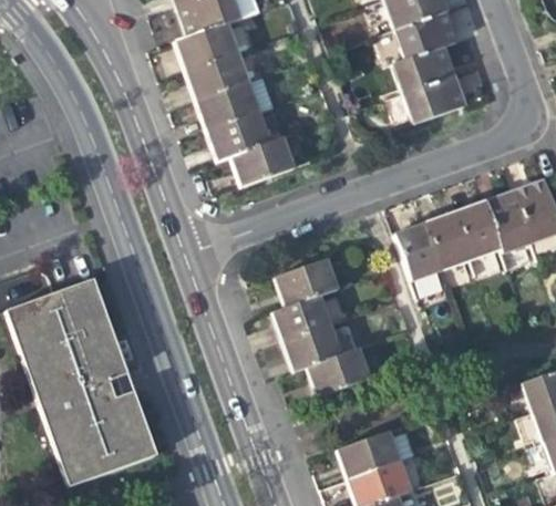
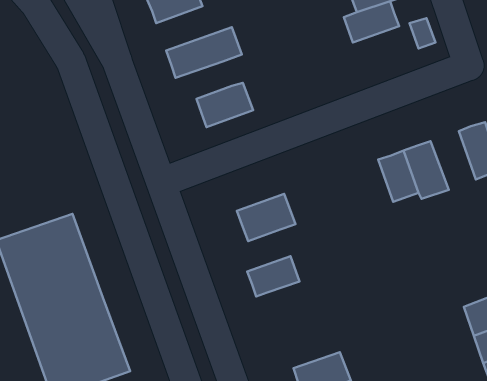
building: [186,51,269,101] -> none
building: [402,74,464,123] -> none
building: [207,113,269,158] -> none
building: [487,189,537,254] -> none
building: [398,220,446,295] -> none
building: [276,296,352,343] -> none
building: [308,349,370,397] -> none

